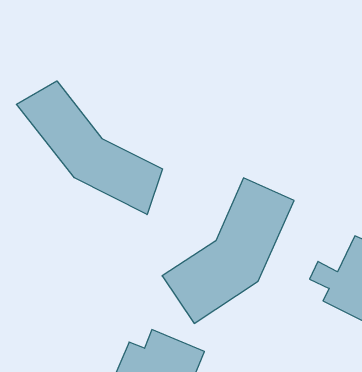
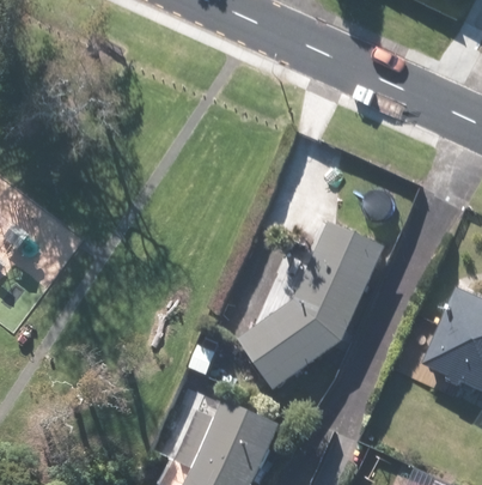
building: [16,81,162,215] -> none

